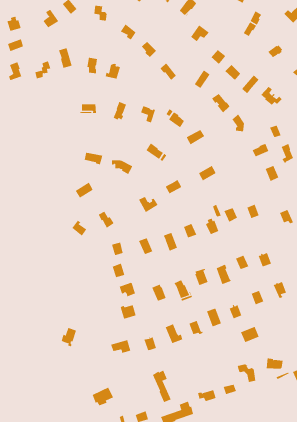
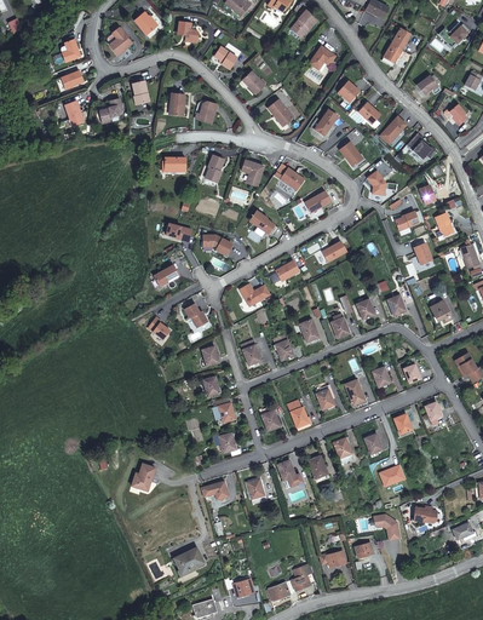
building: [152,370,172,403] -> none

